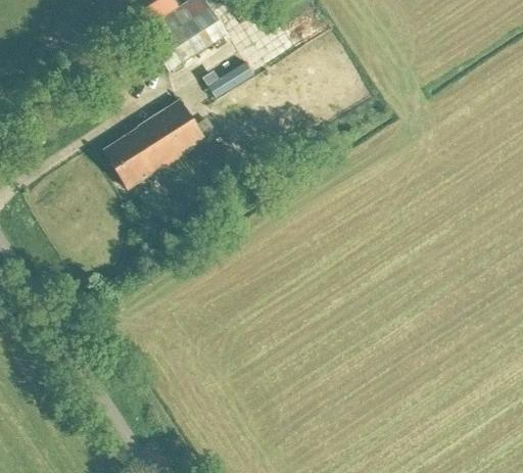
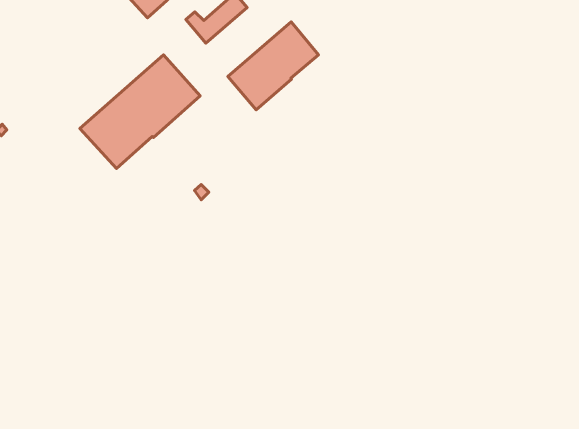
building: none -> [228,22,319,110]

